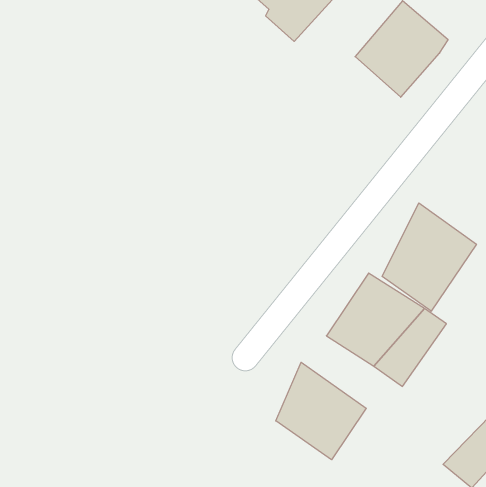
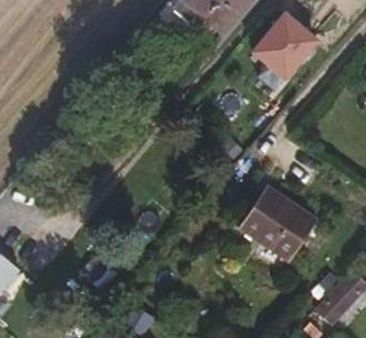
building: [382,203,476,311] -> none
building: [276,362,366,460] -> none

